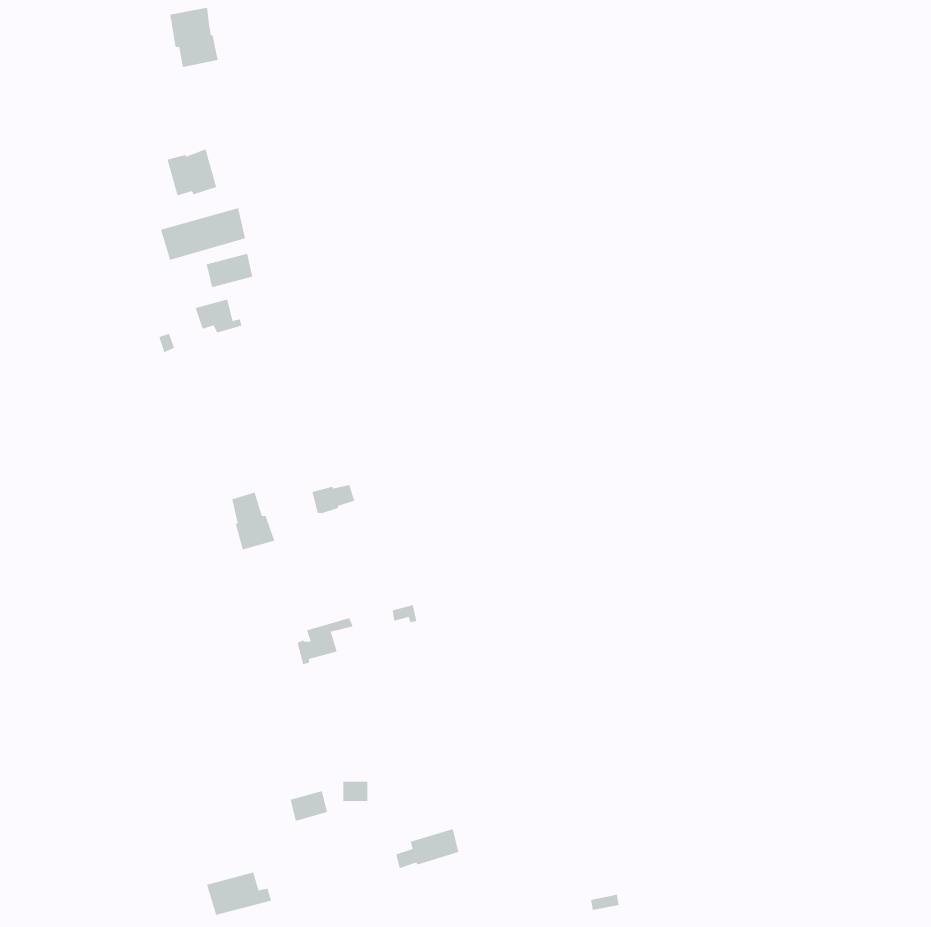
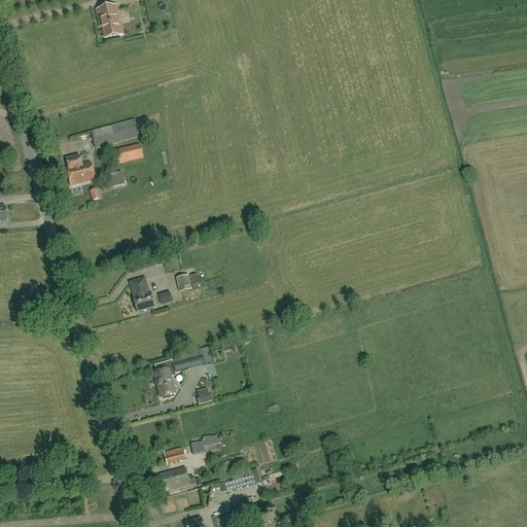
building: [167,149,217,196] -> none
building: none -> [66,154,95,184]
building: none -> [154,362,175,396]
building: [206,872,272,915] -> [159,466,196,491]

